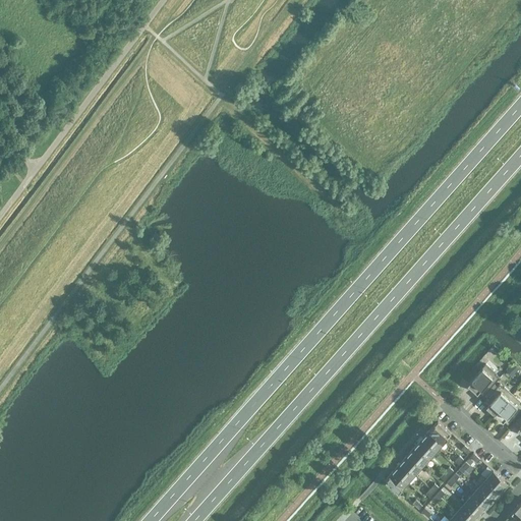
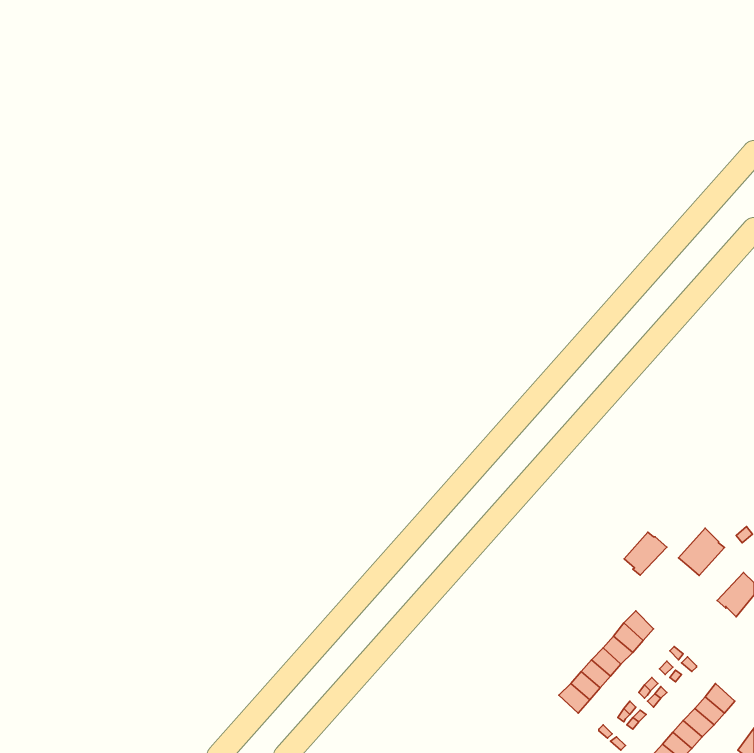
building: [482,386,512,415] -> [624,532,667,575]

